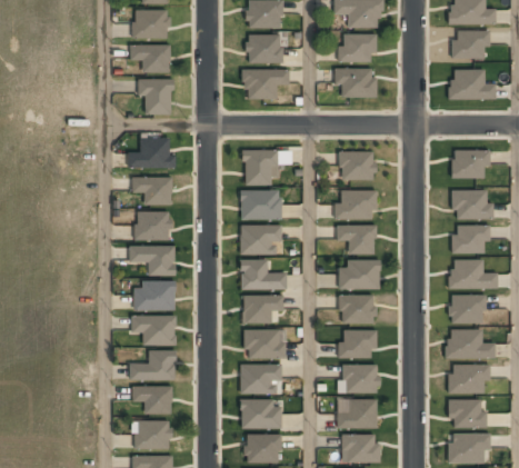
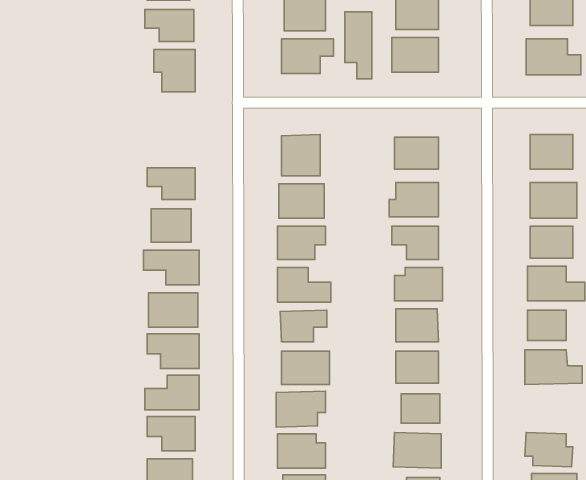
building: none -> [345,12,372,79]
building: [128,139,172,168] -> none
building: [450,365,491,395] -> none

